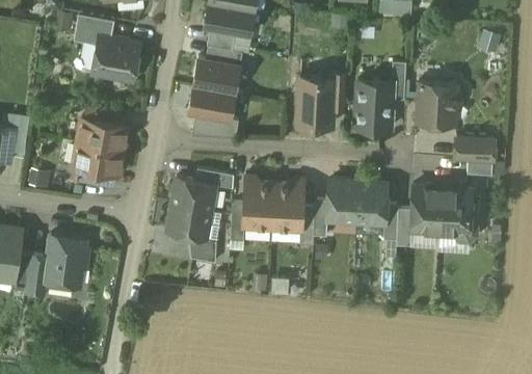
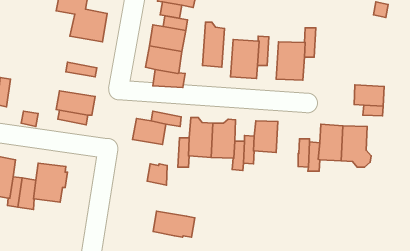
building: none -> [203,22,224,67]
building: [417,81,459,125] -> none
building: [78,117,128,150] -> none
building: [355,182,387,222] -> none
building: [167,205,220,238] -> [153,211,195,237]

